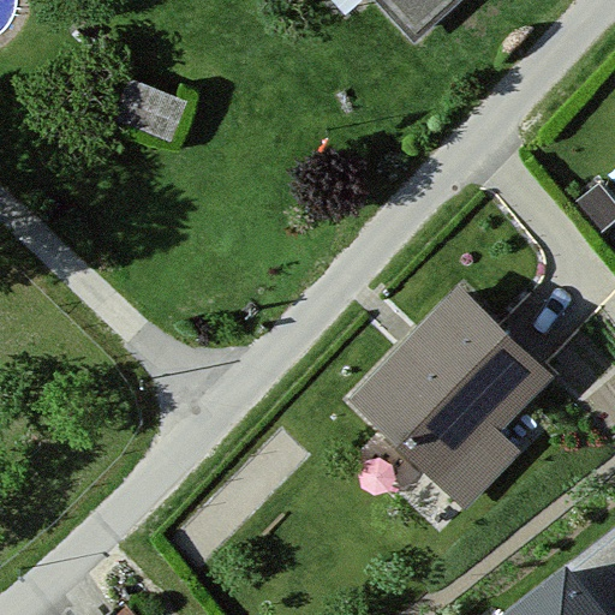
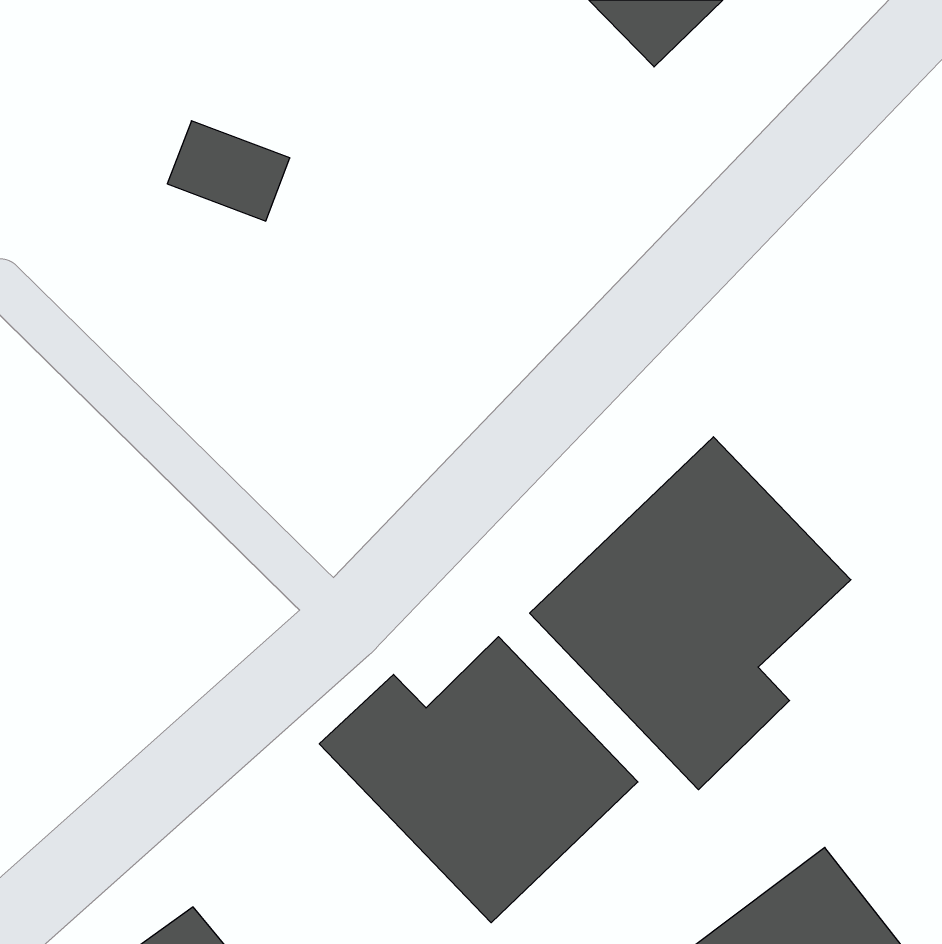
building: none -> [319,637,638,923]

